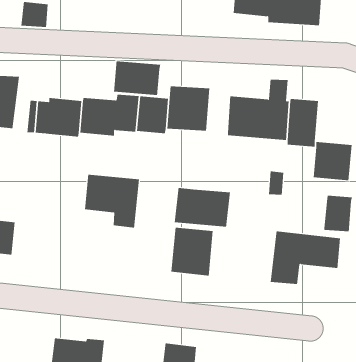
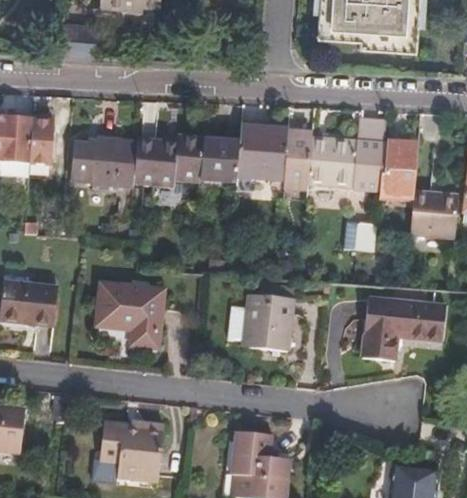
building: [113,60,161,96] -> none
building: none -> [285,128,313,181]
building: [84,174,140,228] -> [97,283,163,347]
building: [174,187,231,228] -> none
building: [324,195,352,232] -> none

